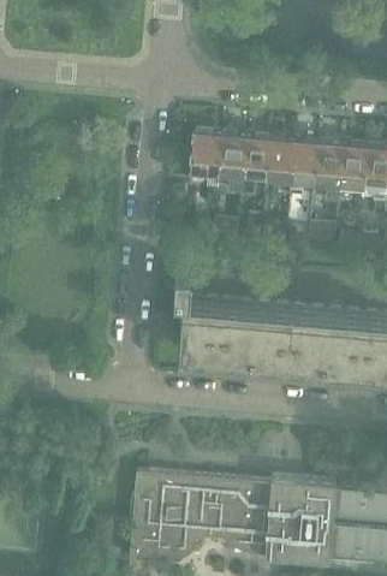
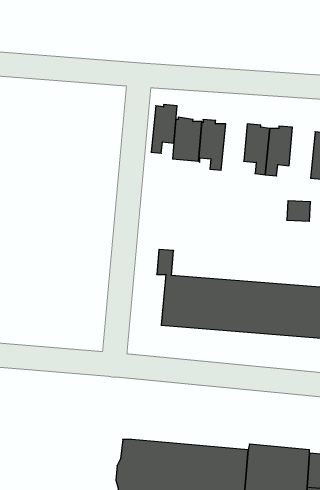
building: [242,135,269,186] -> [151,105,177,153]
building: [314,139,341,194] -> none

